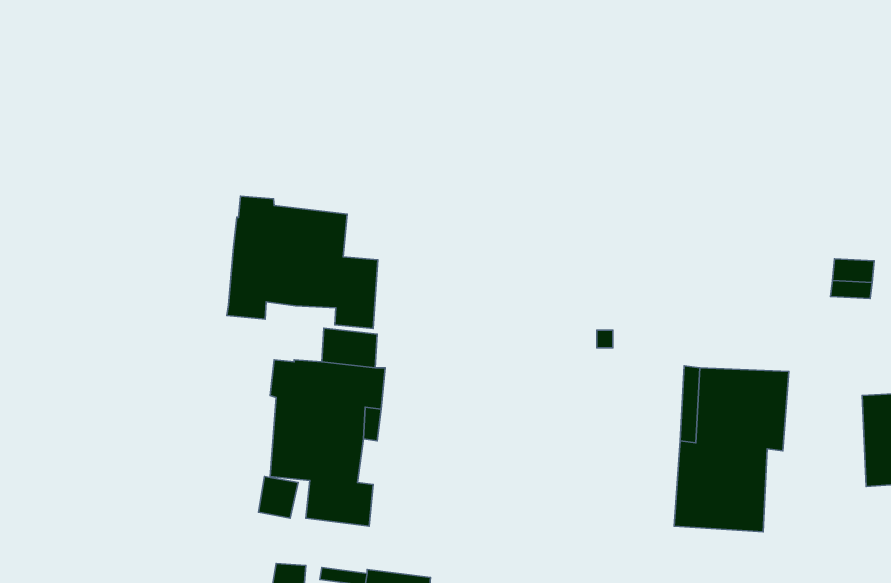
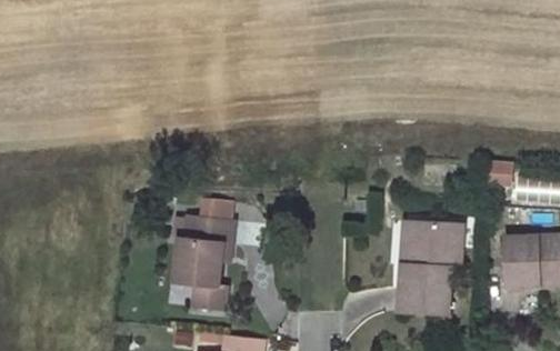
building: [227,196,378,329] -> none

